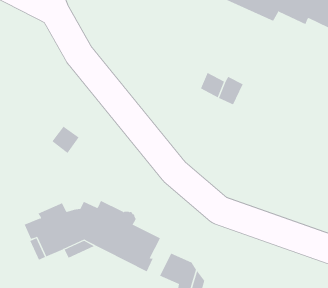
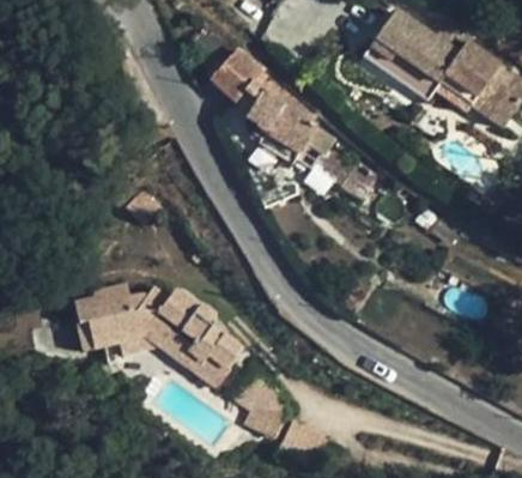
building: none -> [211,49,334,167]

